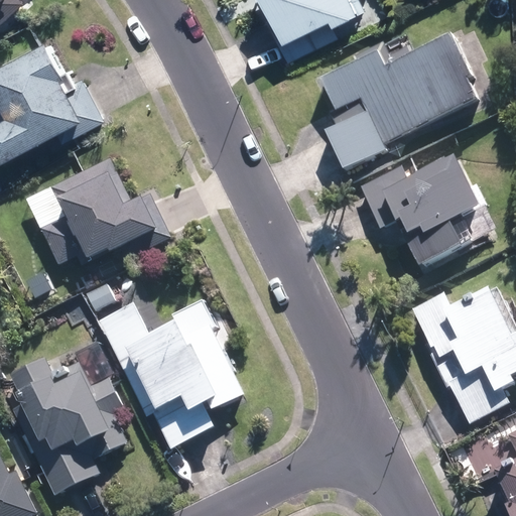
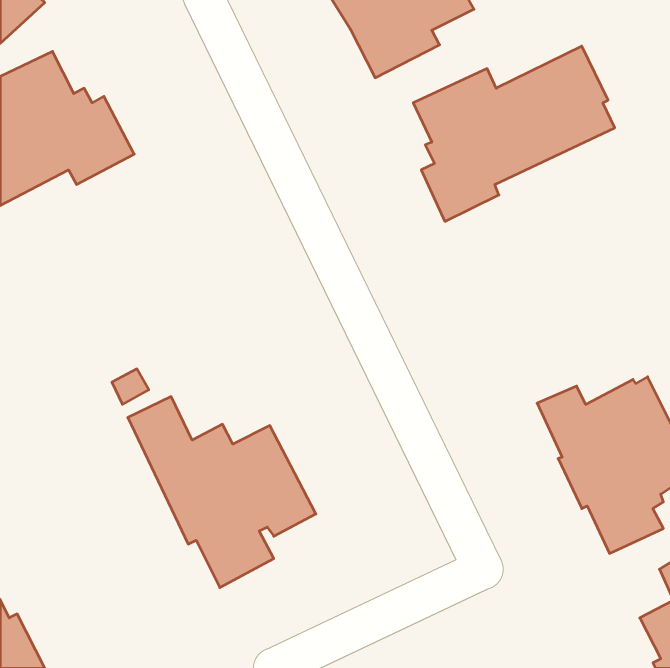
building: [41,156,172,264] -> none
building: [361,159,497,267] -> none
building: [10,355,127,494] -> none

